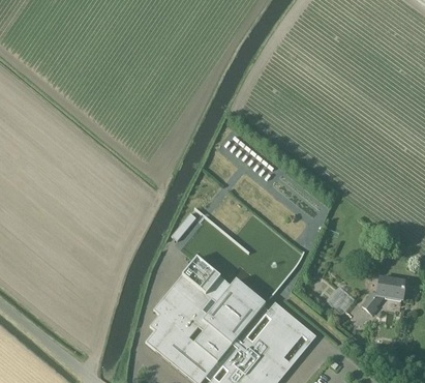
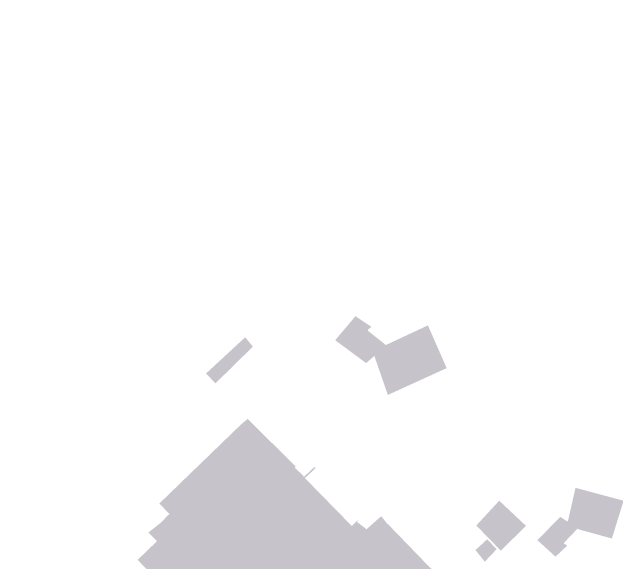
building: none -> [334,315,447,396]

